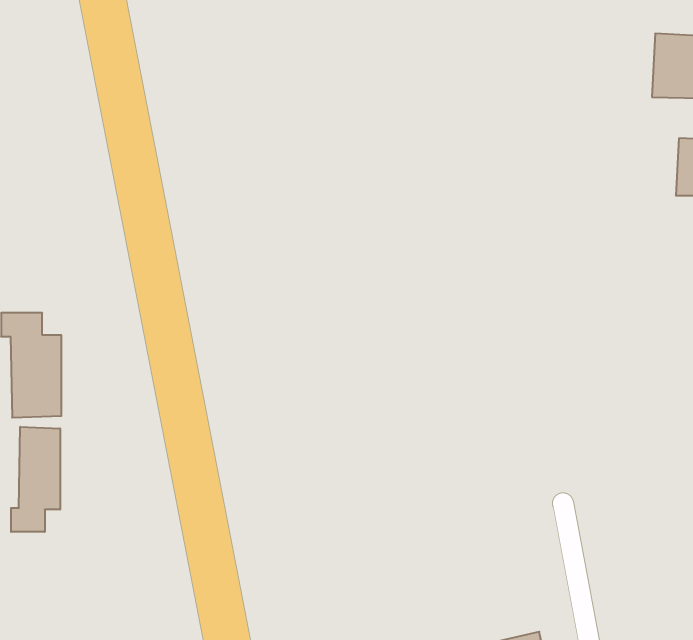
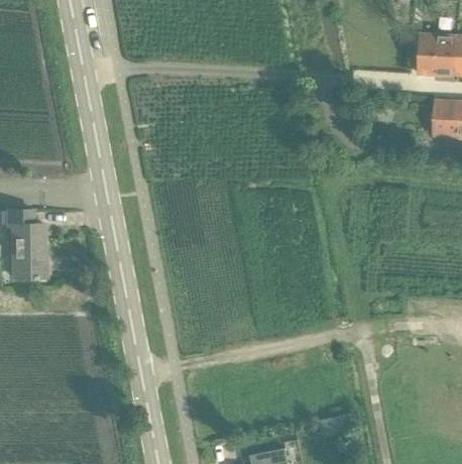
building: [11,427,60,532] -> none

